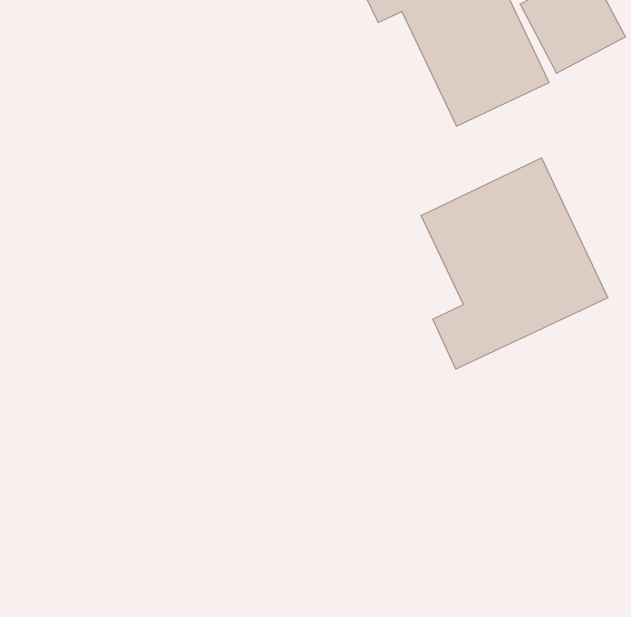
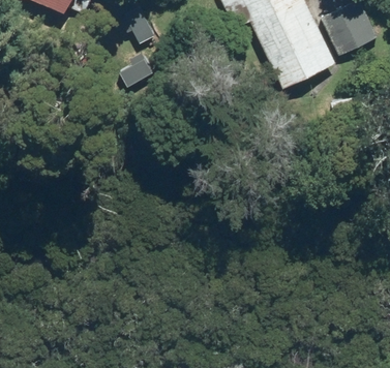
building: [421,158,608,369] -> none

